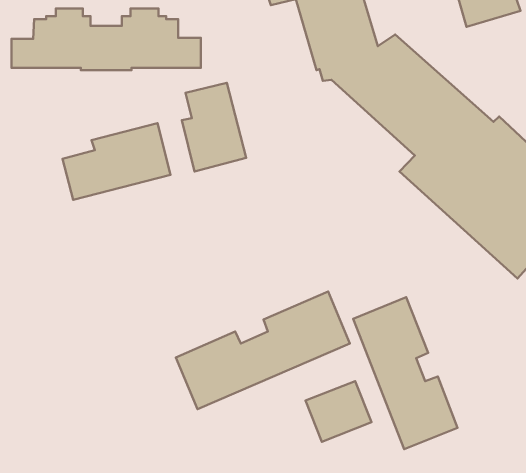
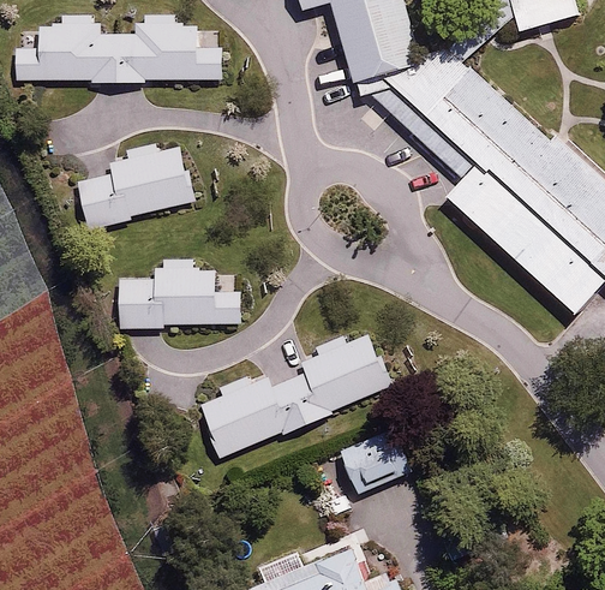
building: [182,83,246,171] -> none
building: none -> [119,258,242,329]
building: [353,297,457,449] -> none

